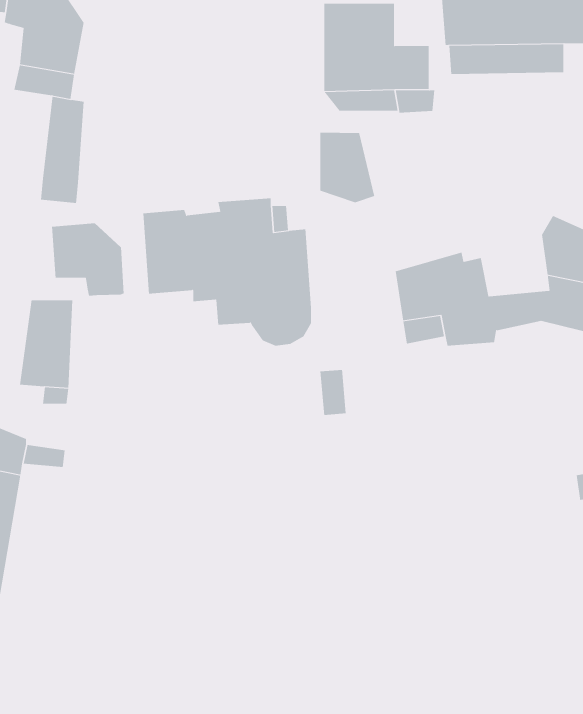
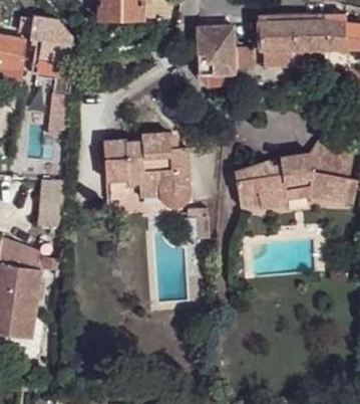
building: [320,132,375,203] -> none
building: [51,222,124,297] -> none
building: none -> [278,150,313,182]

